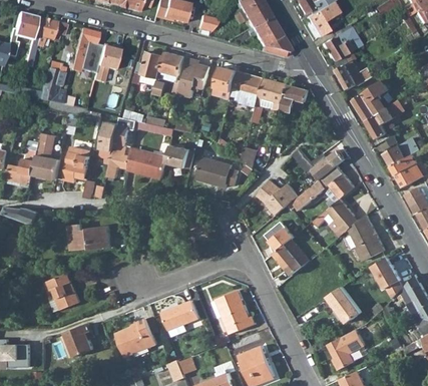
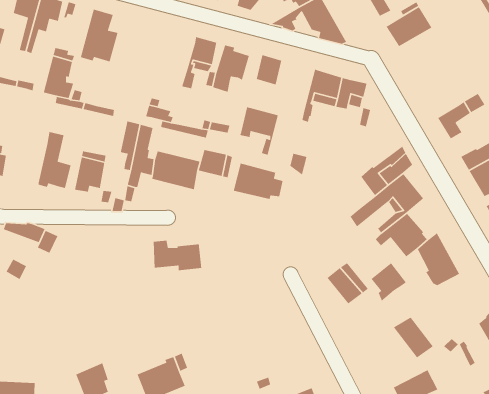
building: [92,42,119,80] -> none
building: [132,51,163,83] -> none
building: [333,52,377,88] -> none
building: [231,71,264,112] -> [239,107,279,156]
building: [354,79,388,119] -> none
building: [6,139,40,183] -> none
building: [258,177,300,214] -> none
building: [265,220,295,253] -> [371,262,407,302]
building: [68,224,109,250] -> [153,240,202,271]
building: [373,256,401,289] -> none
building: [46,273,78,313] -> none
building: [210,290,254,334] -> none
building: [160,300,197,335] -> none

